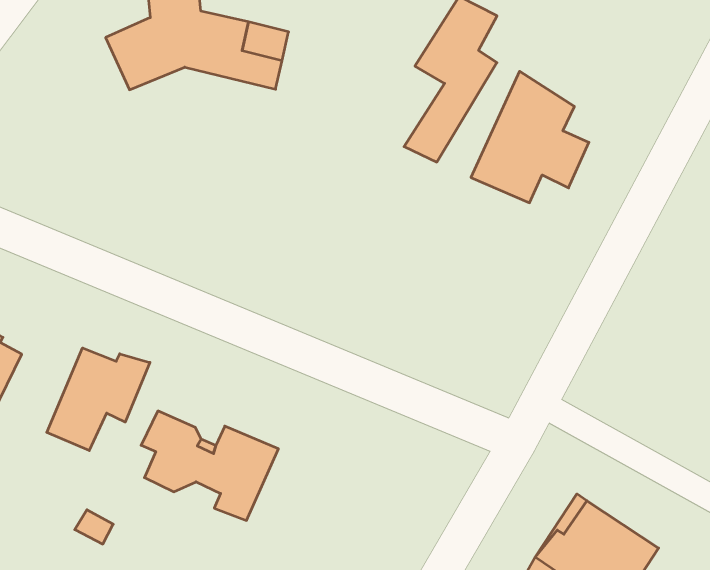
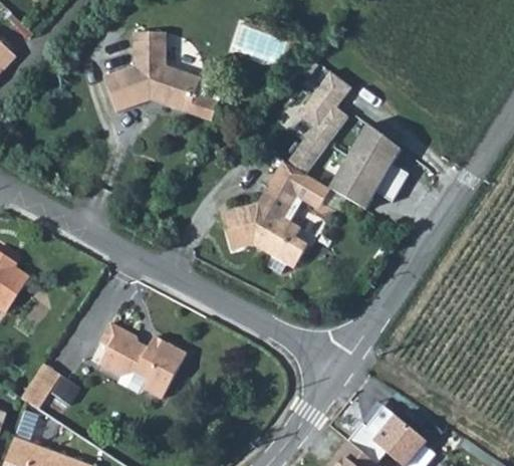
building: none -> [218,163,331,273]
building: [47,348,150,451] -> none
building: none -> [20,363,59,407]

